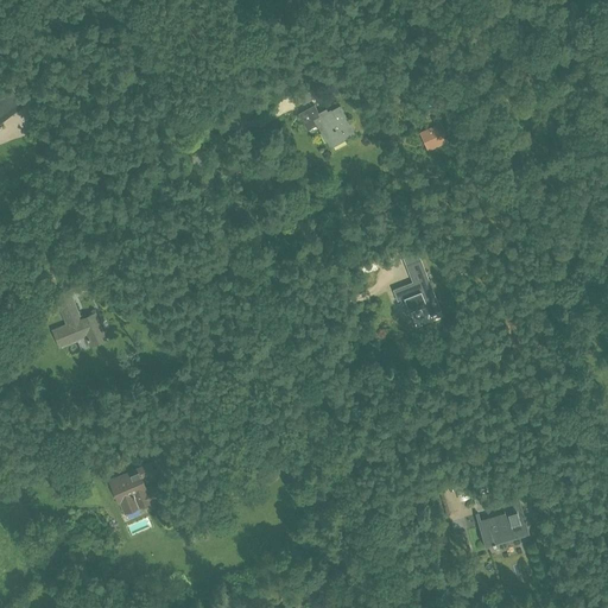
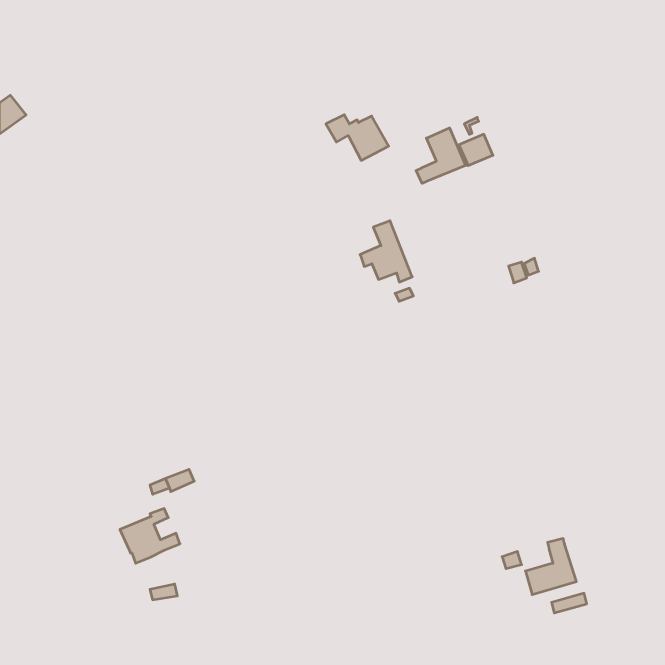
building: none -> [416,128,465,183]
building: [392,260,439,316] -> [360,221,412,282]
building: [52,291,104,347] -> none

